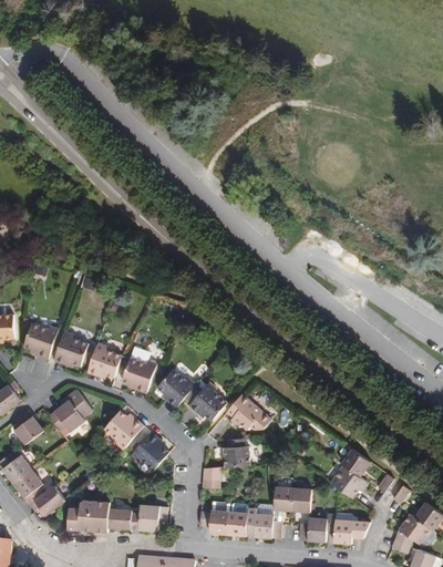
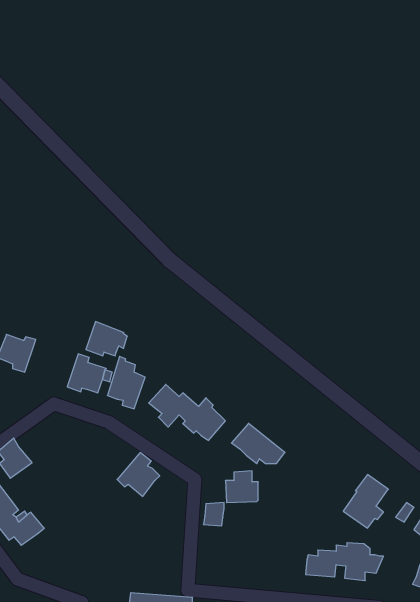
building: [49,331,86,362] -> [86,322,127,356]
building: [55,399,99,437] -> none
building: [101,406,141,447] -> none
building: [209,485,312,537] -> none
building: [65,499,166,530] -> none

